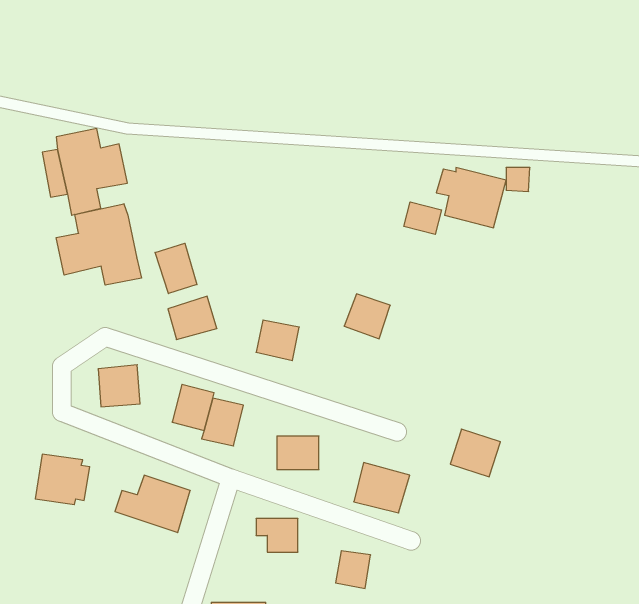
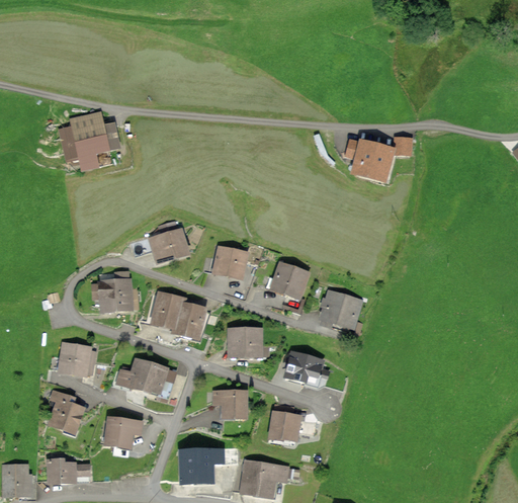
building: [404,202,442,234] -> none
building: [56,204,141,285] -> none
building: [155,243,197,294] -> none
building: [344,294,390,339] -> [272,265,306,298]
building: [450,429,500,477] -> [323,291,359,326]
building: none -> [50,391,83,430]
building: none -> [108,417,142,445]

